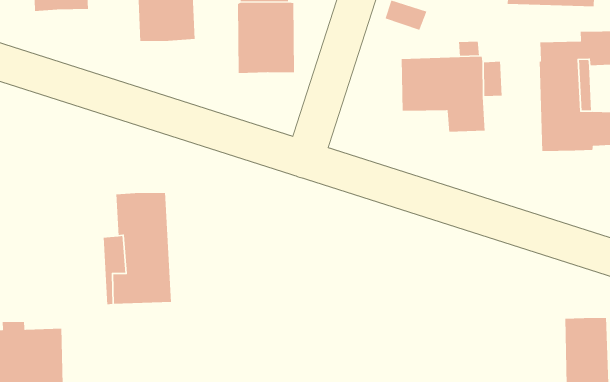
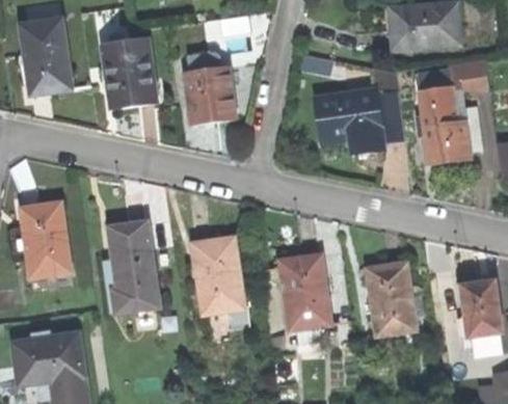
building: none -> [20,203,70,278]
building: none -> [192,239,243,314]
building: none -> [278,255,330,330]
building: none -> [367,265,424,336]

